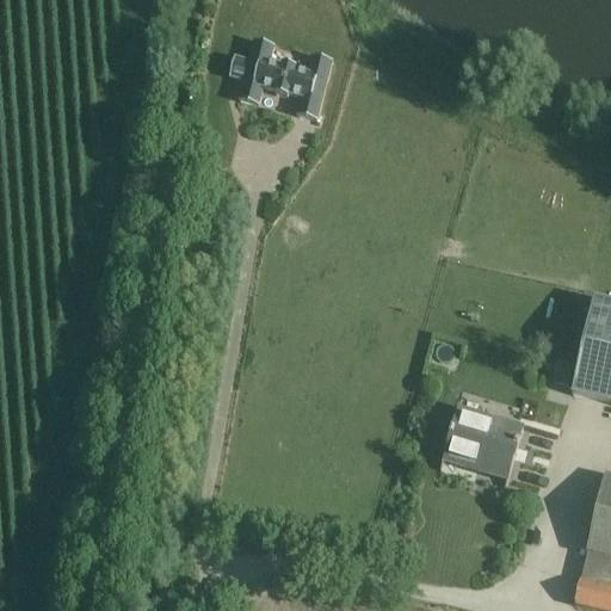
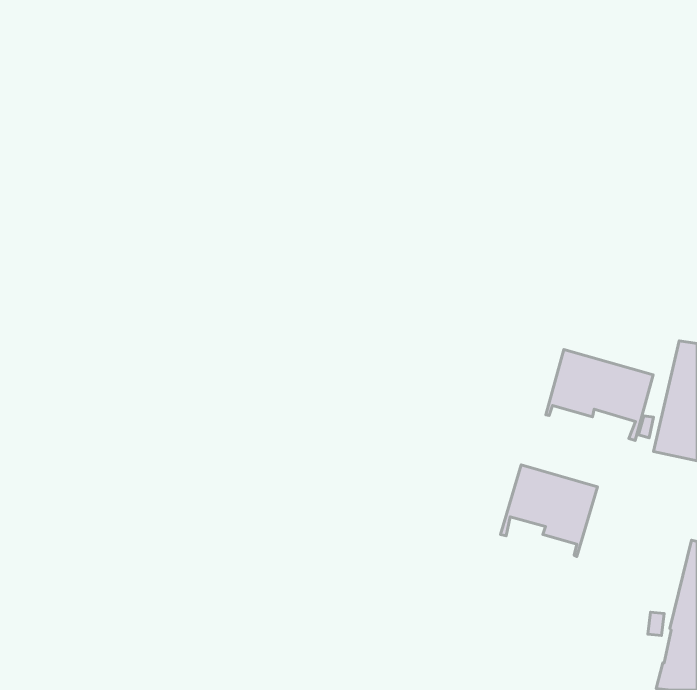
building: [229,38,332,119] -> none
building: none -> [546,349,653,441]

